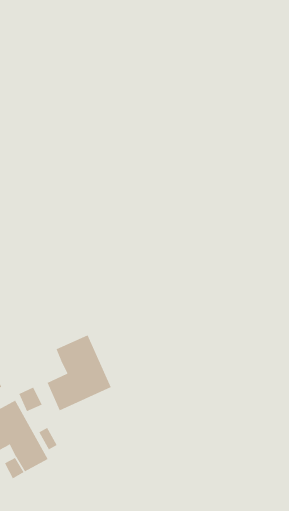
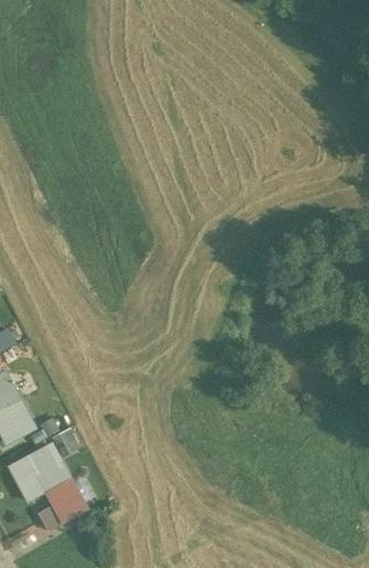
building: [47,334,112,411] -> none

